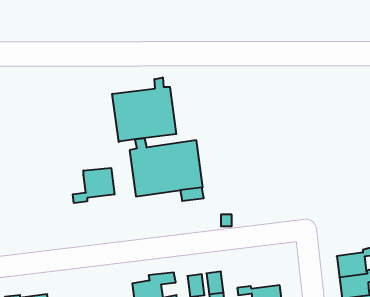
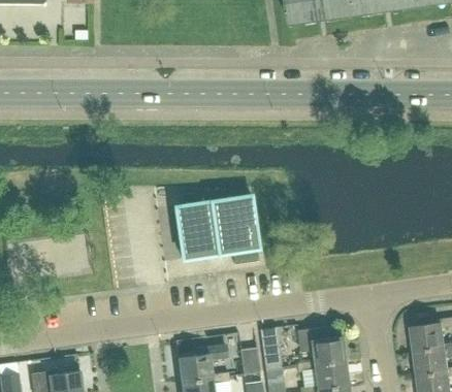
building: [112,77,176,142] -> none
building: [73,168,115,203] -> none
building: none -> [296,326,345,364]

